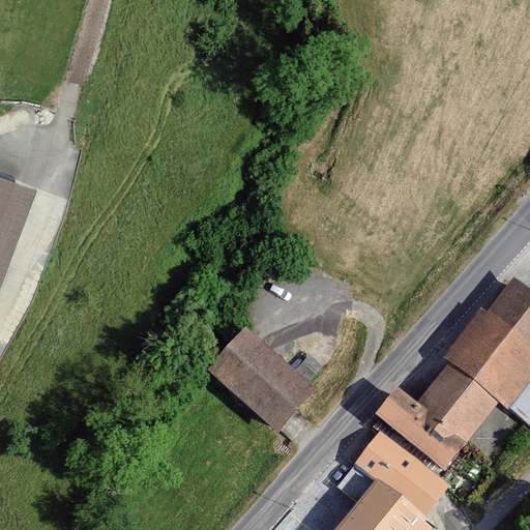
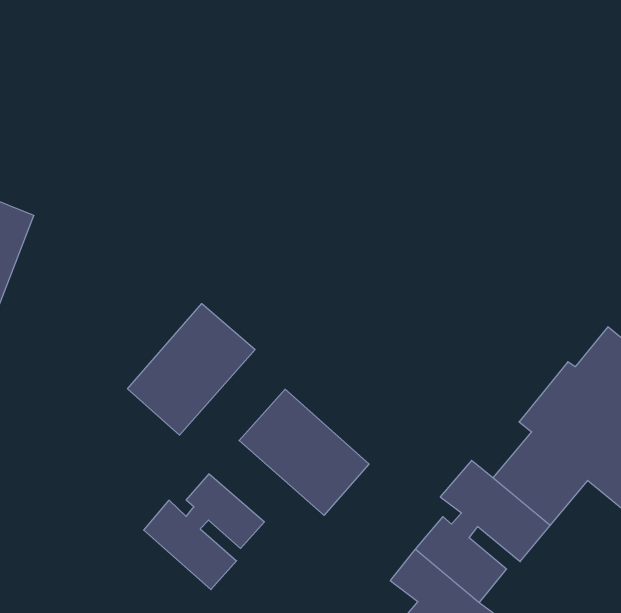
building: none -> [128,304,255,435]
building: none -> [144,474,264,590]

